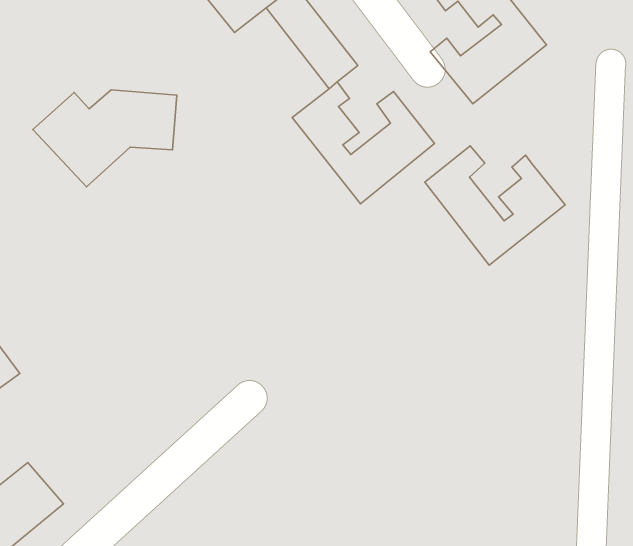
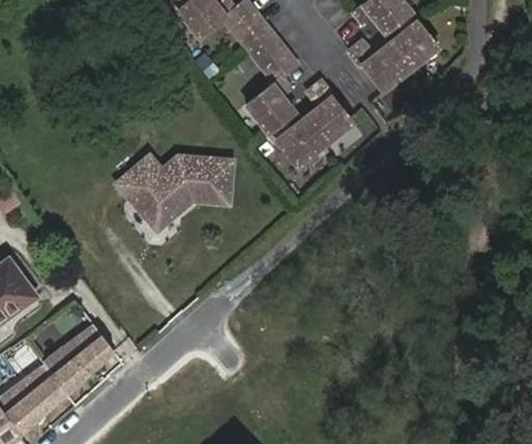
building: [33,90,177,187] -> [121,155,230,229]
building: [425,146,565,265] -> none
building: none -> [45,323,119,395]

